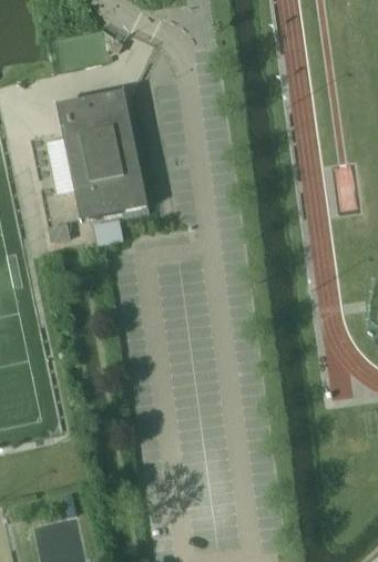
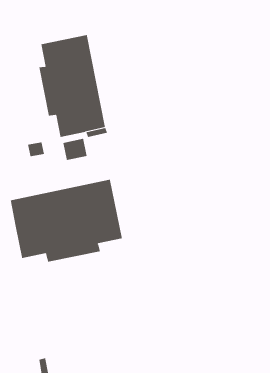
building: none -> [10,179,122,263]

